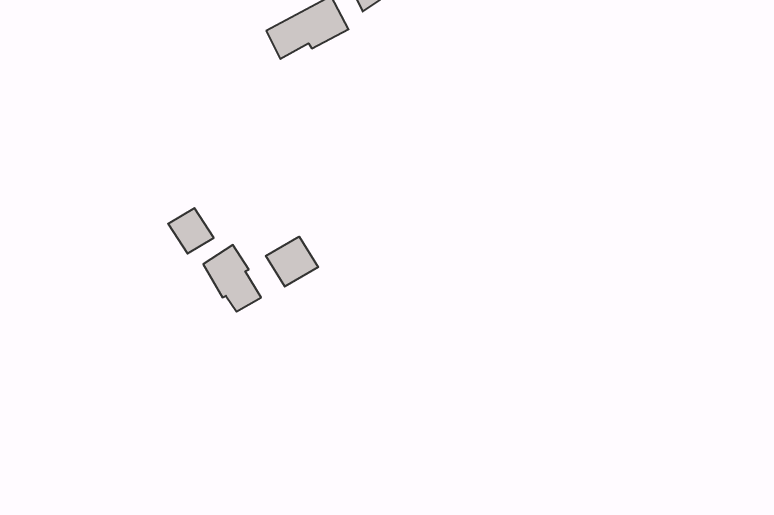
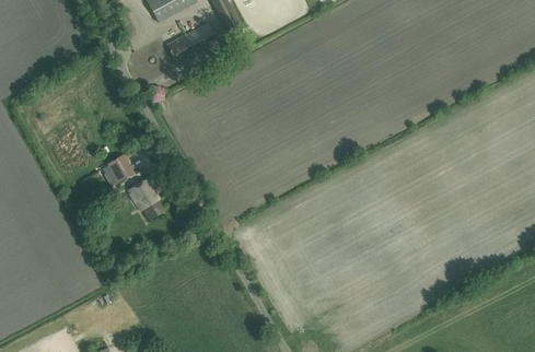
building: [266,237,318,287] -> none

